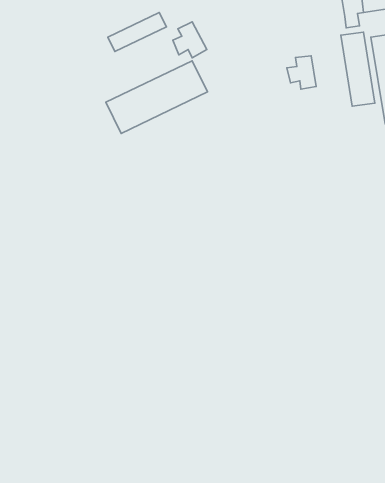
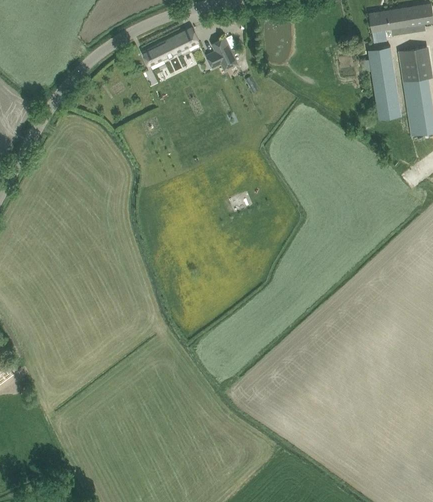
building: [287,56,316,89] -> none
building: [106,61,208,133] -> none

